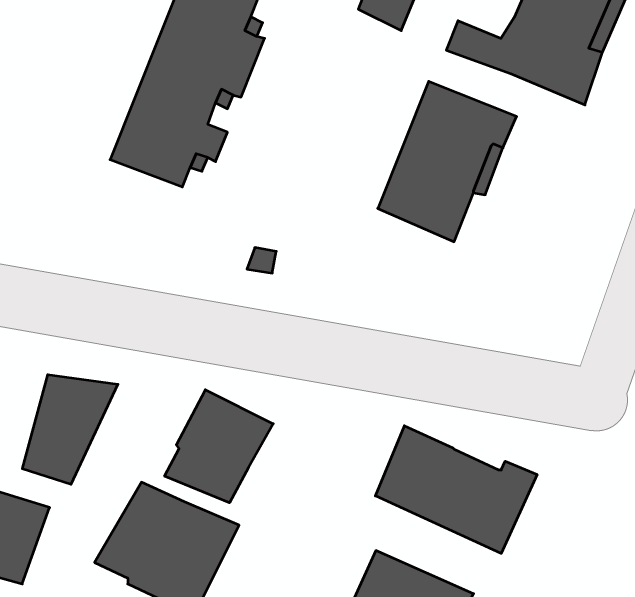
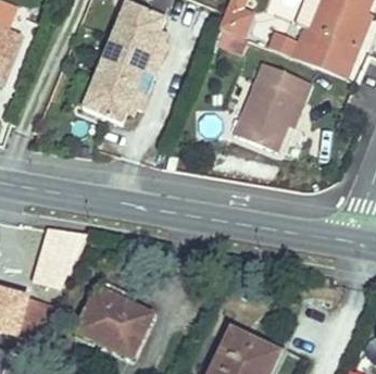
building: [165,390,273,503] -> none
building: [375,426,537,553] -> none

